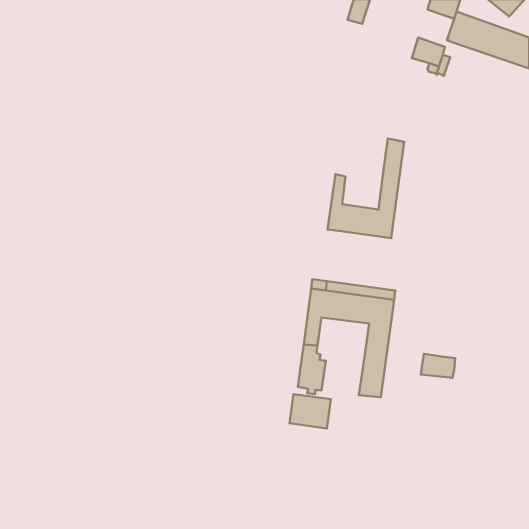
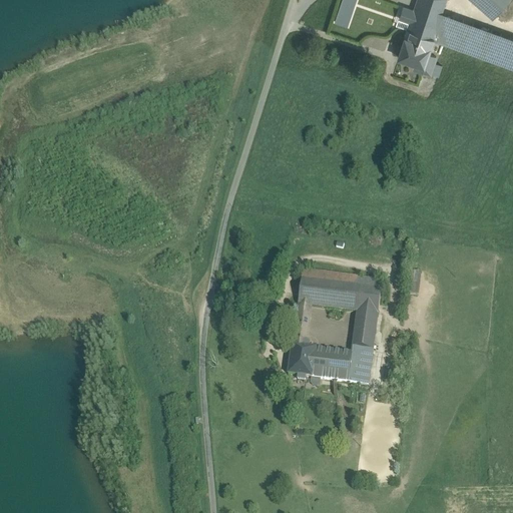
building: none -> [399,6,439,45]
building: [328,139,404,238] -> none
building: [421,354,455,378] -> none
building: [289,394,331,428] -> [311,349,351,382]

